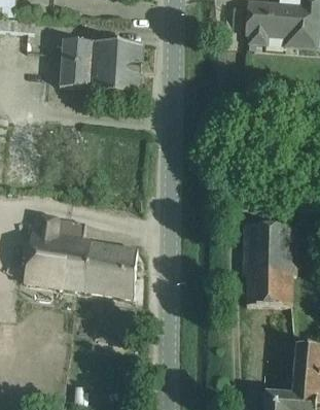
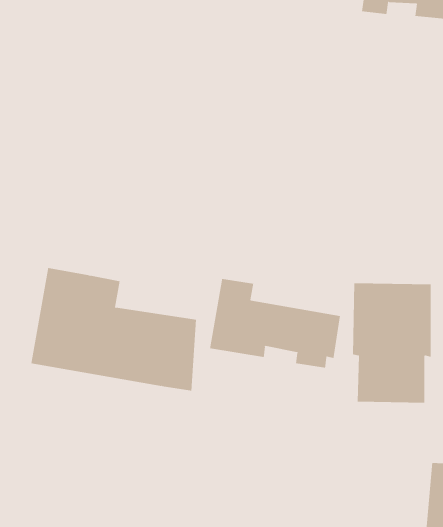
building: [58,39,141,95] -> none
building: none -> [209,278,341,368]

